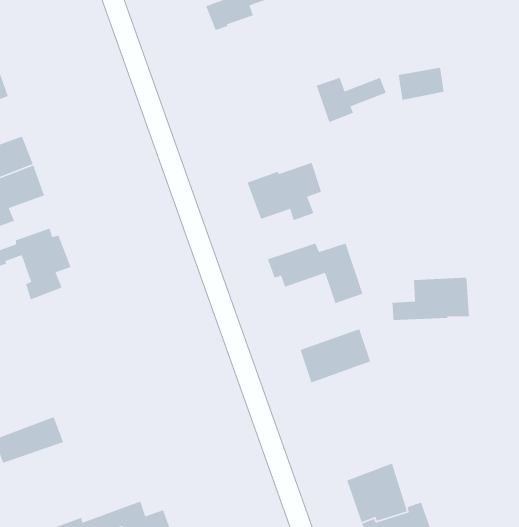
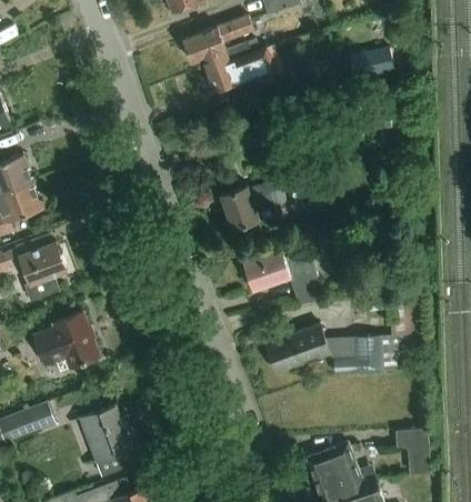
building: [398,67,445,101] -> [353,51,394,81]
building: [315,77,387,123] -> [202,49,265,90]
building: [392,277,470,321] -> [333,337,402,375]
building: none -> [34,312,98,368]
building: none -> [80,401,136,475]
building: none -> [393,428,430,473]

